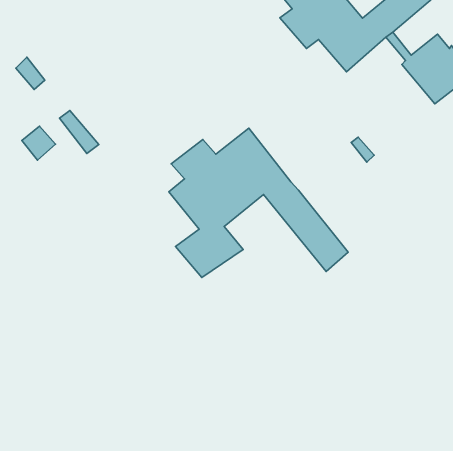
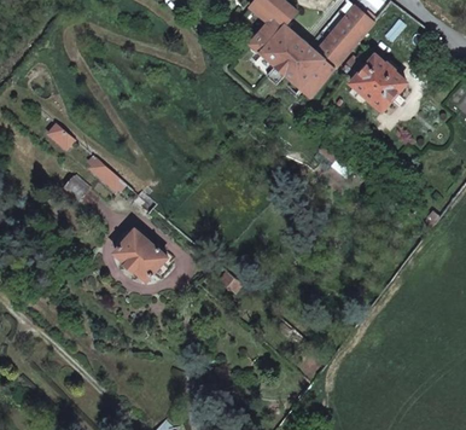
building: [169,128,348,278] -> none
building: none -> [116,228,168,280]

